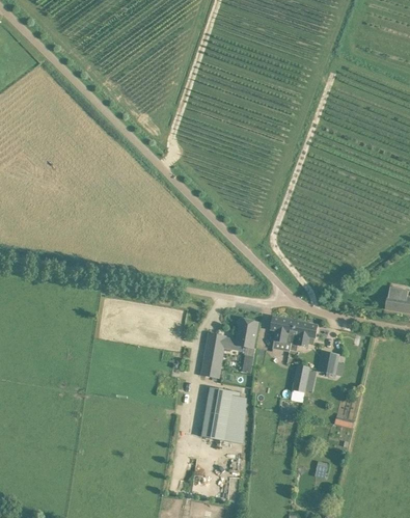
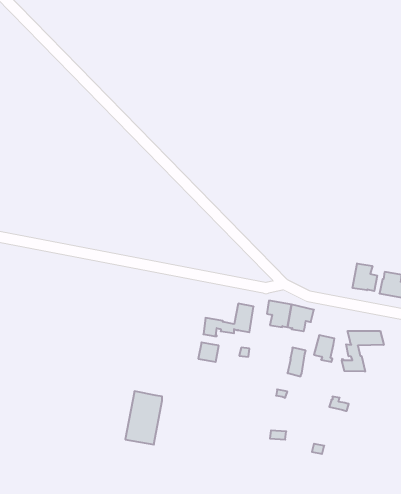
building: none -> [353,263,377,291]
building: none -> [342,331,384,372]
building: [202,387,240,441] -> [125,391,162,445]

